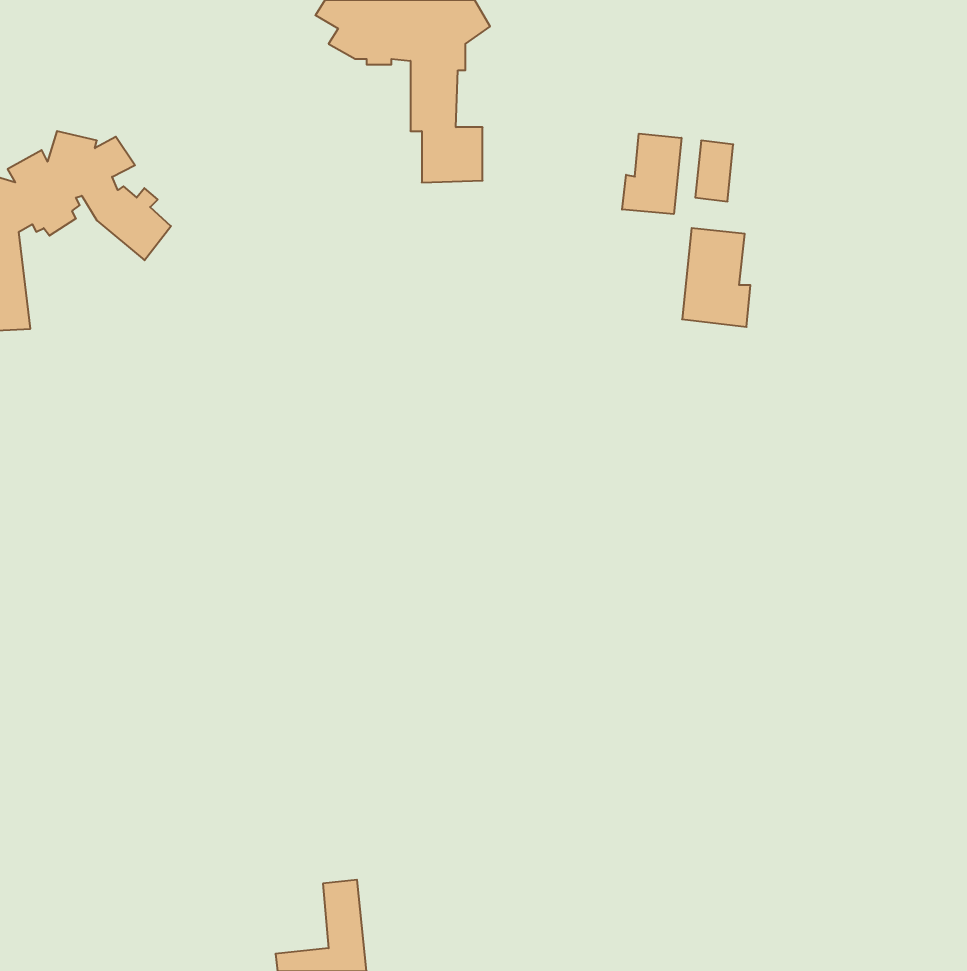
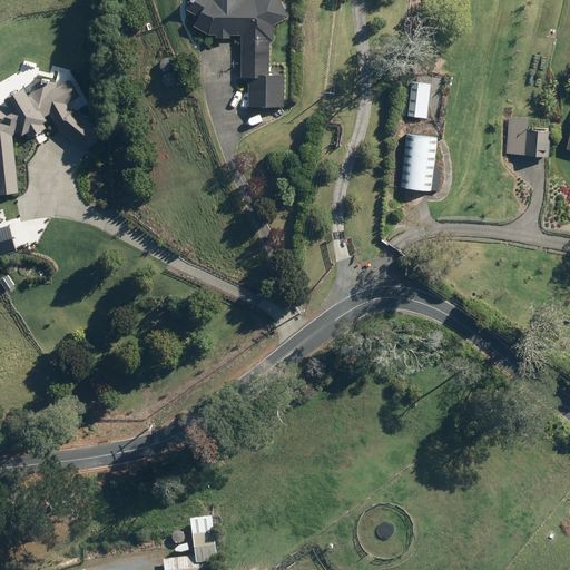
building: [622,134,681,214] -> none
building: none -> [504,117,550,156]

